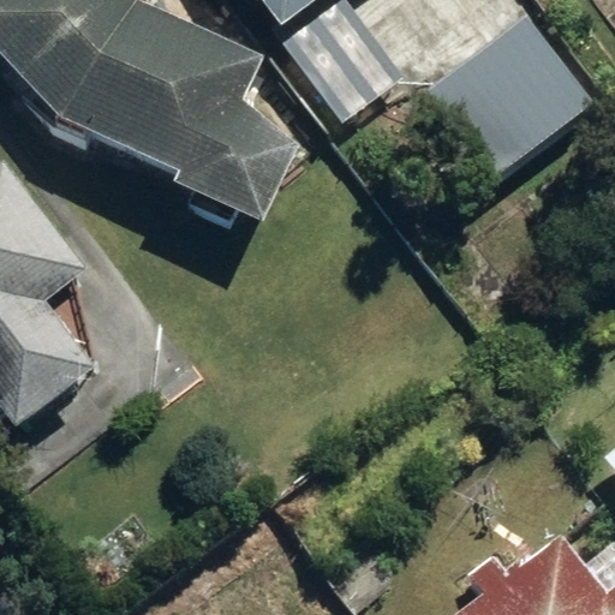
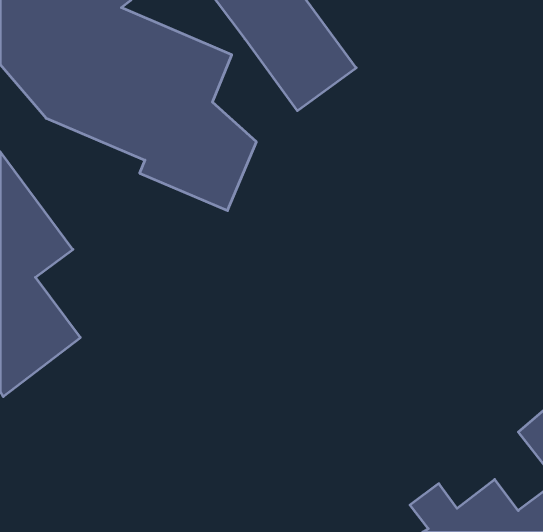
building: [424,7,597,177] -> none

